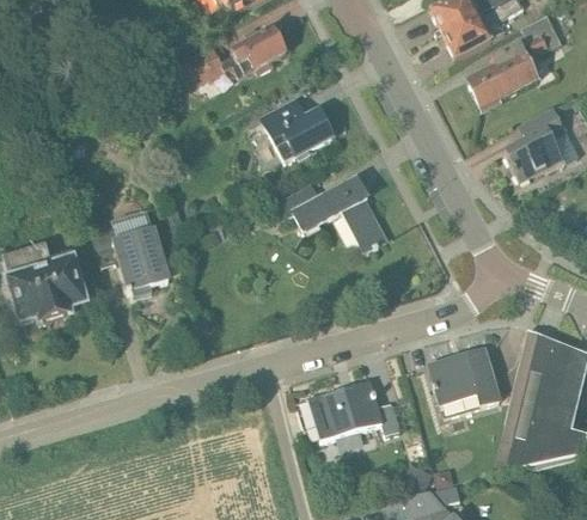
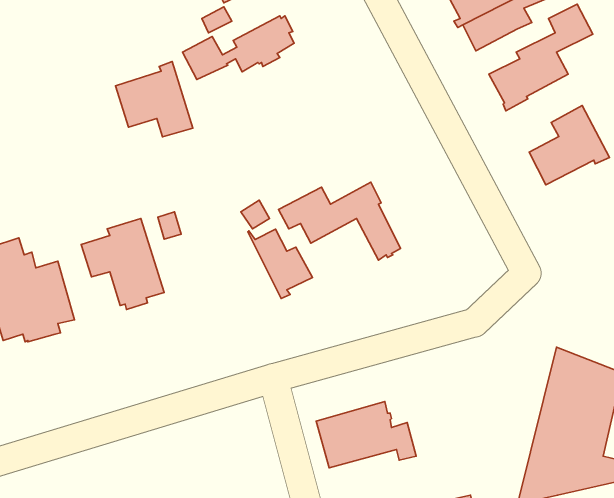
building: none -> [115,62,193,137]
building: [262,99,335,159] -> none
building: none -> [248,229,313,298]
building: [429,347,500,414] -> none

